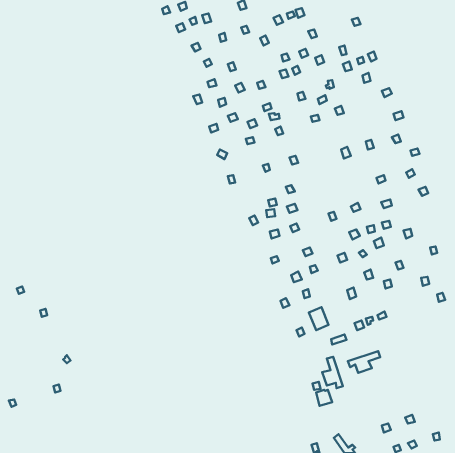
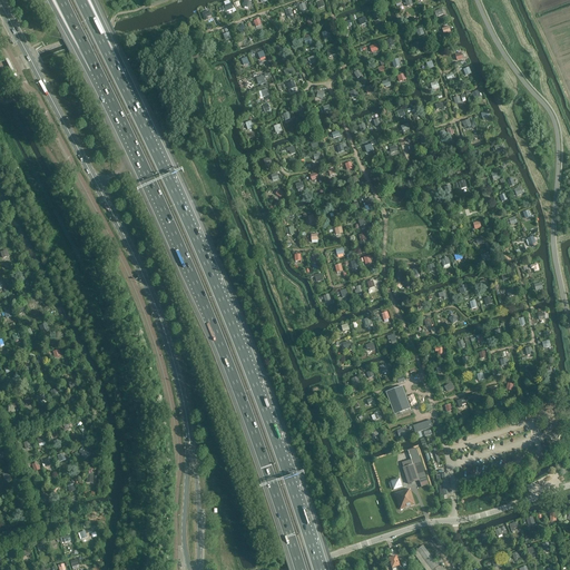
building: [348,351,380,373] -> none

